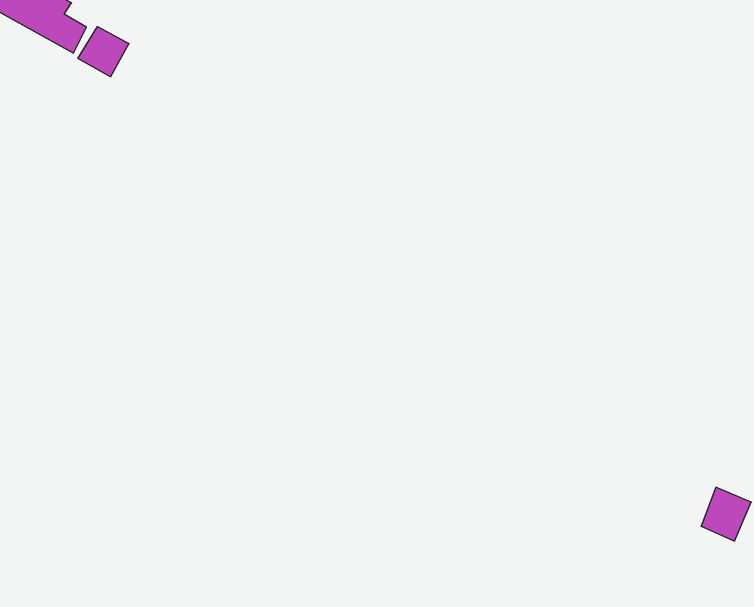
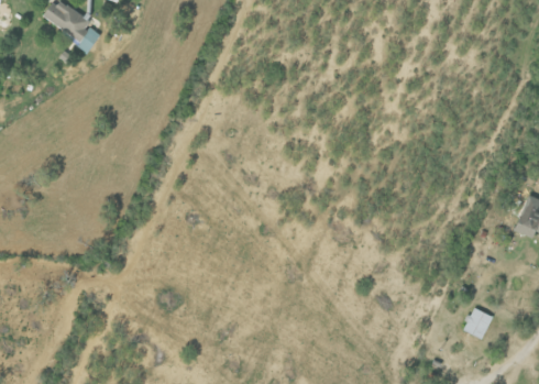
building: [78,27,129,77] -> none

